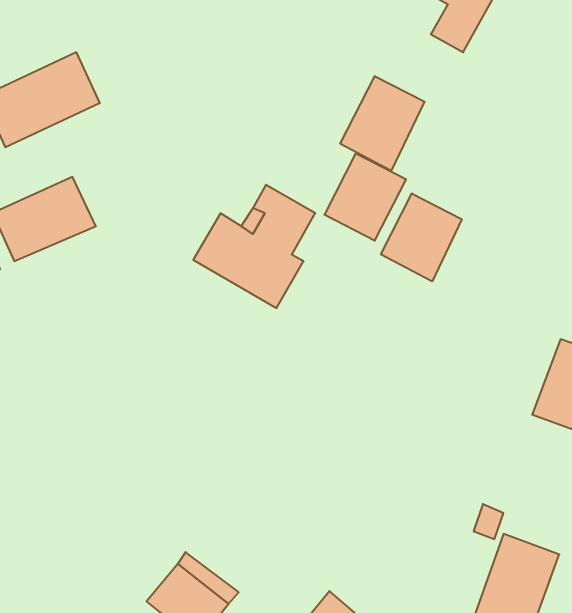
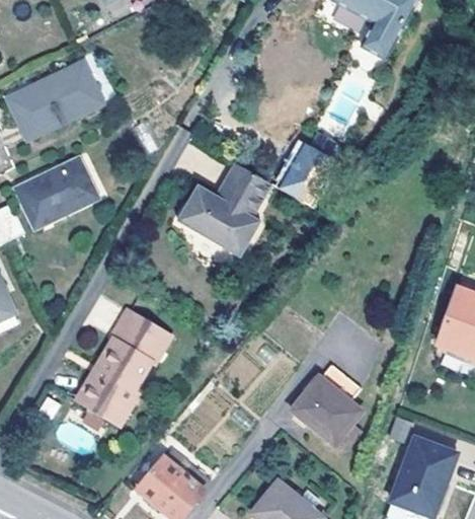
building: [340,76,424,171] -> none
building: [381,193,462,281] -> none
building: none -> [74,311,171,431]
building: none -> [292,368,362,447]

